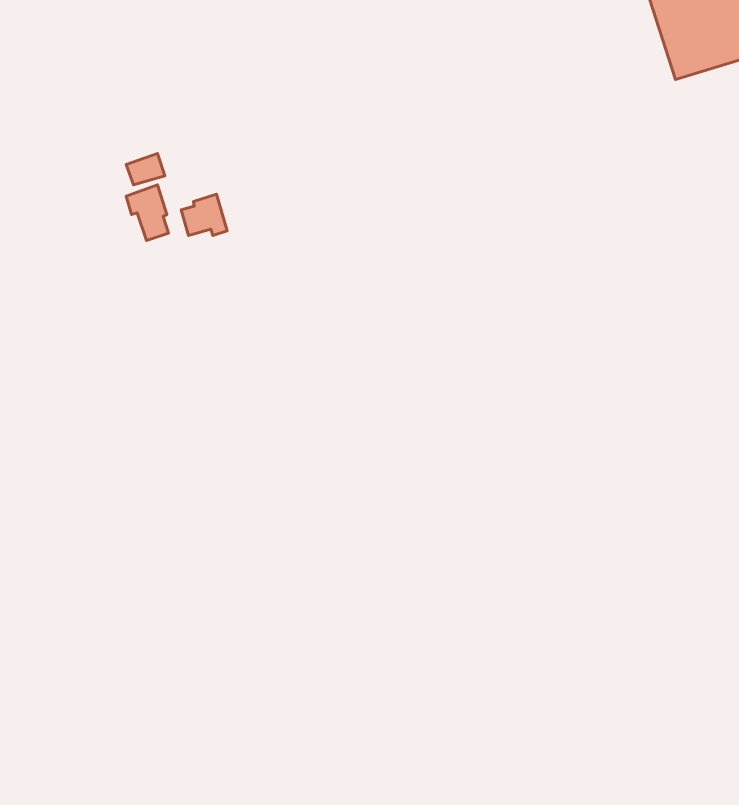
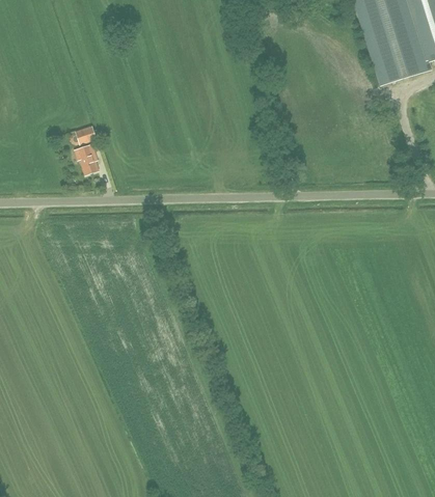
building: [181,194,227,236] -> none

